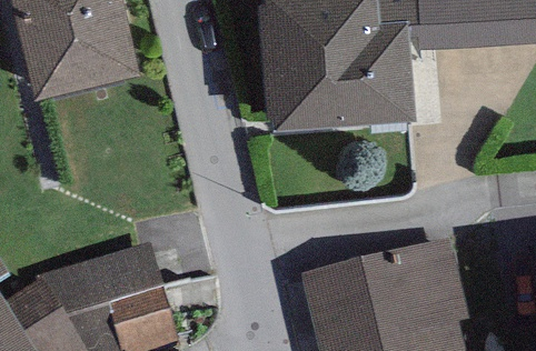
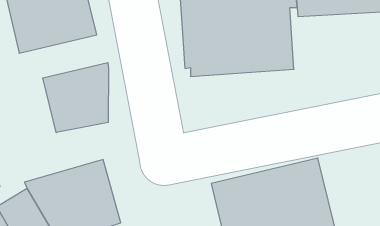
building: none -> [43,63,109,133]

